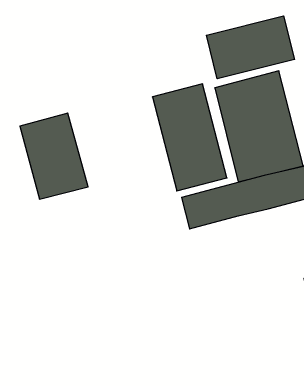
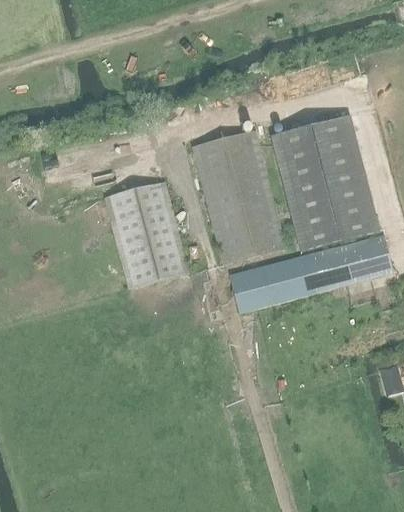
building: [206,16,295,79] -> none
building: [20,113,88,199] -> [105,182,189,288]

